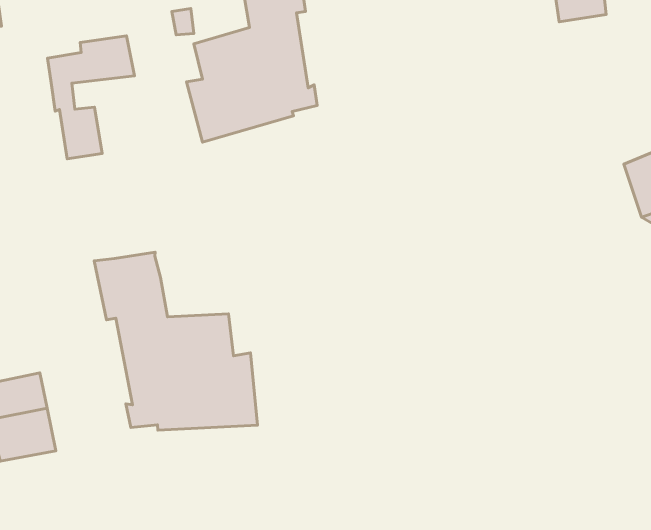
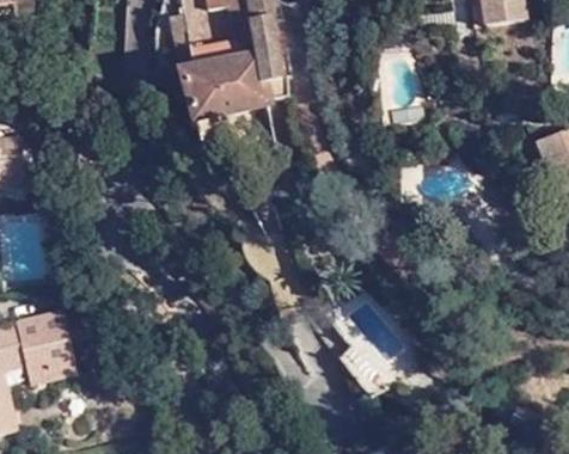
building: [48,36,134,159] -> none
building: [94,252,257,430] -> none

